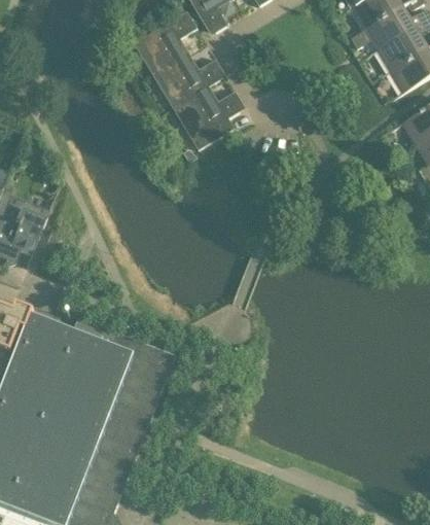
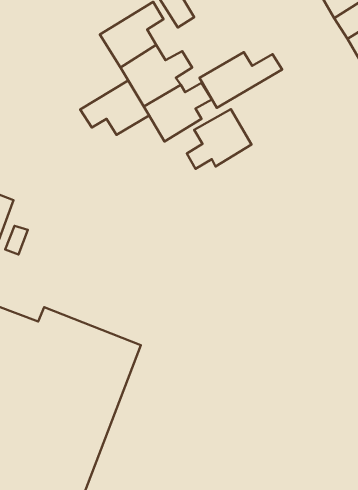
building: none -> [199,52,282,108]
building: none -> [80,80,149,135]
building: none -> [187,109,251,169]

